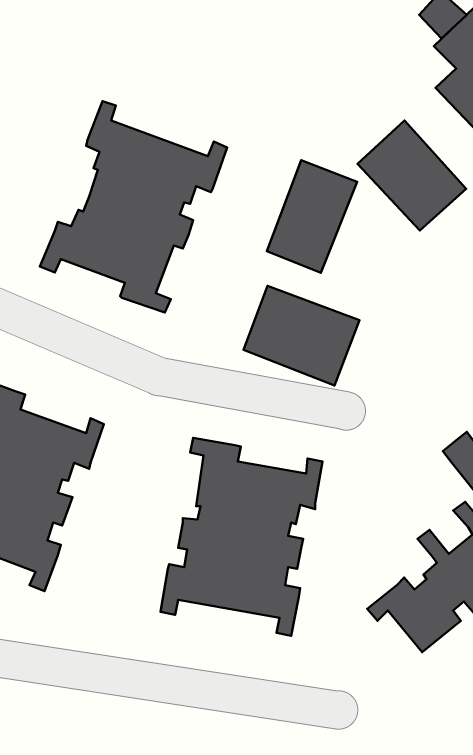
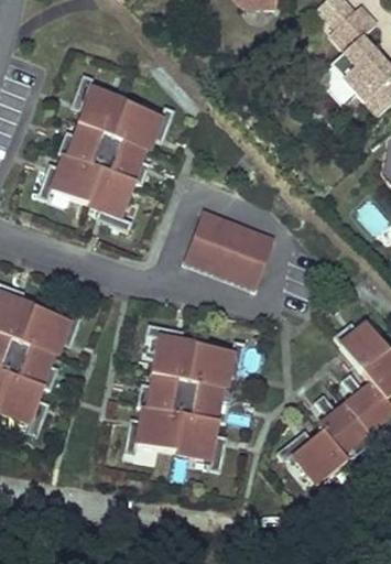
building: [358,120,466,230] -> none
building: [267,160,357,273] -> none

